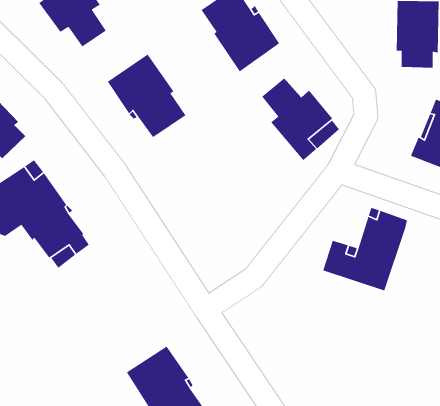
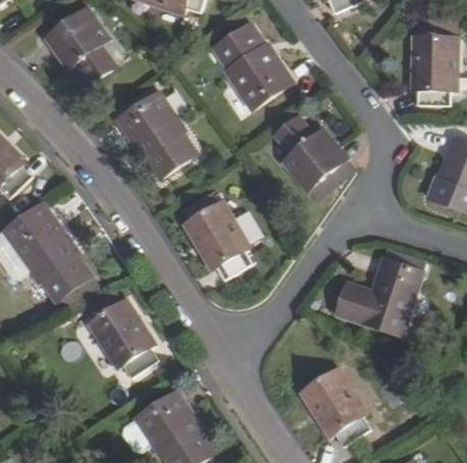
building: none -> [181,191,252,279]
building: none -> [85,290,159,377]
building: none -> [300,367,369,446]

